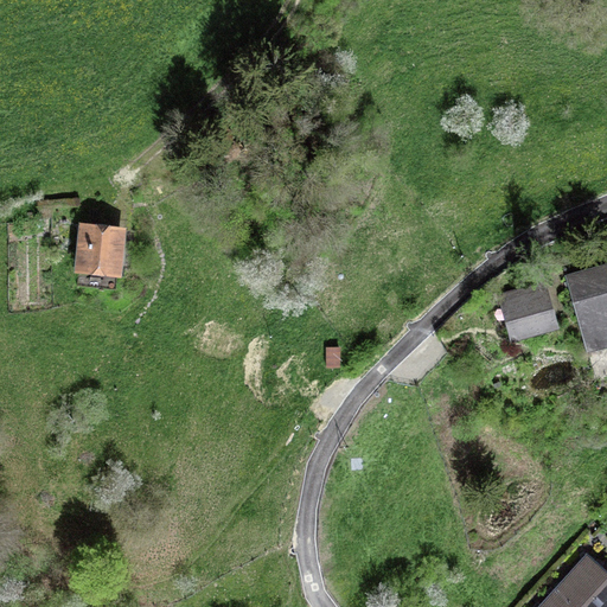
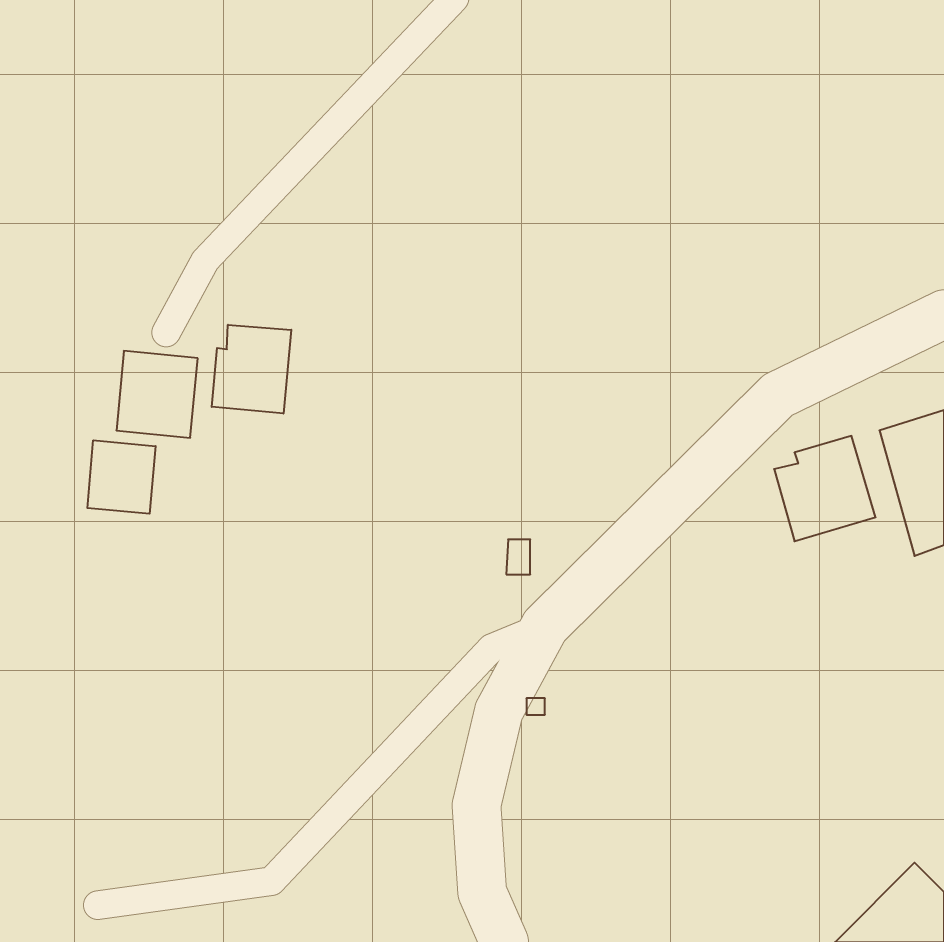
building: none -> [212,325,291,414]
building: none -> [87,440,156,514]

